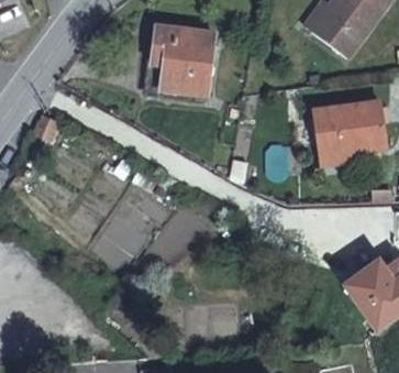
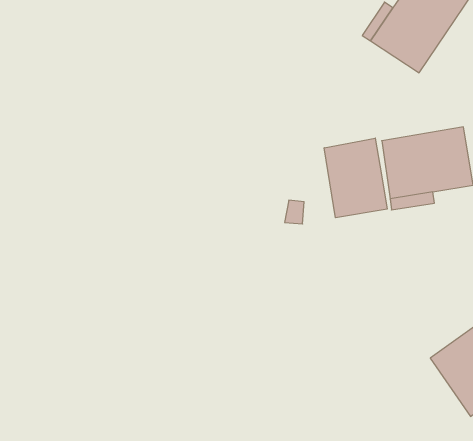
building: [154,29,218,96] -> none
building: none -> [324,138,387,218]

